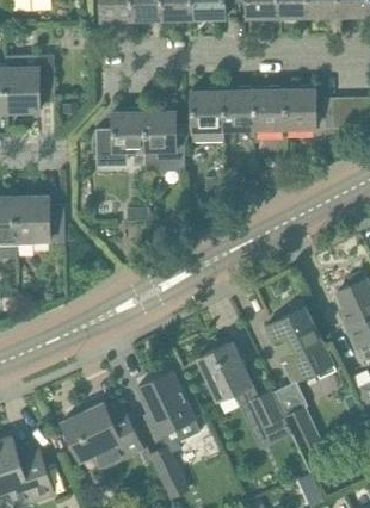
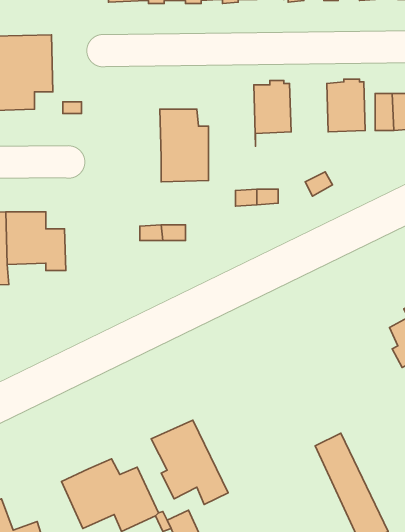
building: [252,87,284,130] -> none
building: [191,91,223,142] -> none
building: [95,111,144,167] -> none
building: [265,299,335,382] -> none
building: [197,342,283,427] -> none

